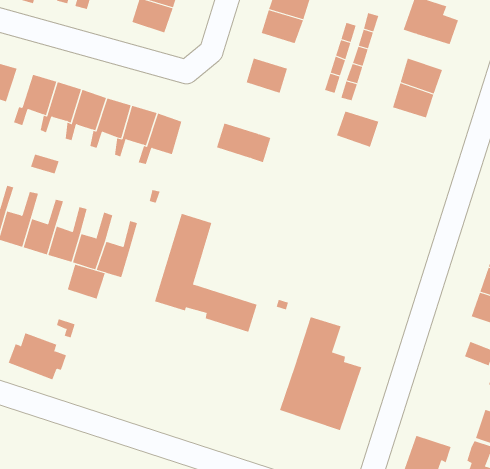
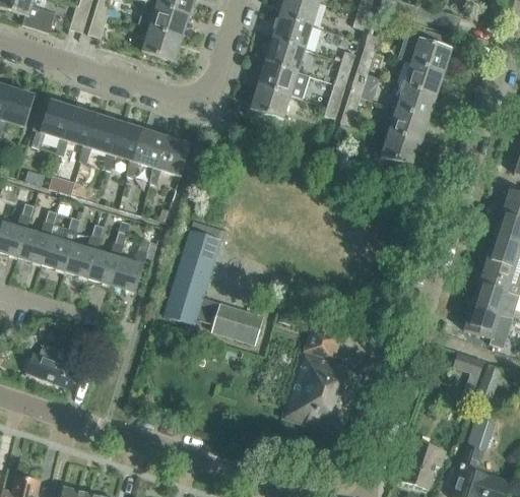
building: none -> [403,62,444,96]
building: [336,111,379,147] -> [381,131,421,166]
building: [216,123,271,163] -> [258,61,310,99]
building: [67,264,105,300] -> none

